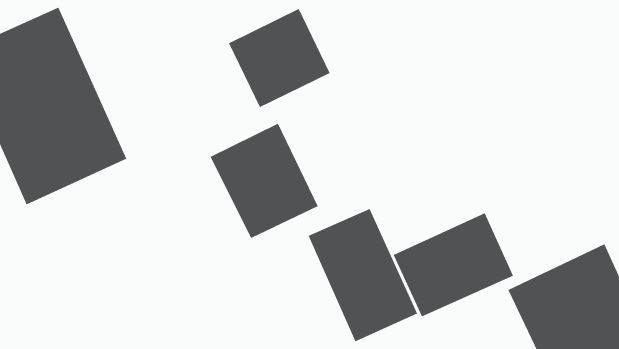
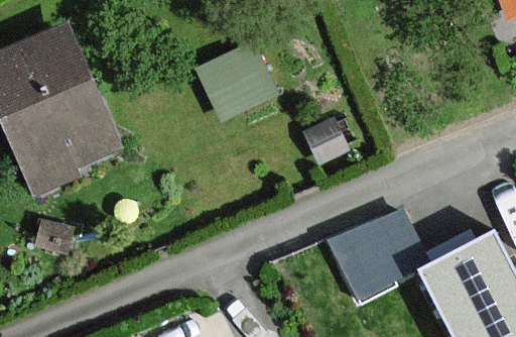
building: [210,123,318,239] -> none
building: [308,208,418,342] -> none

